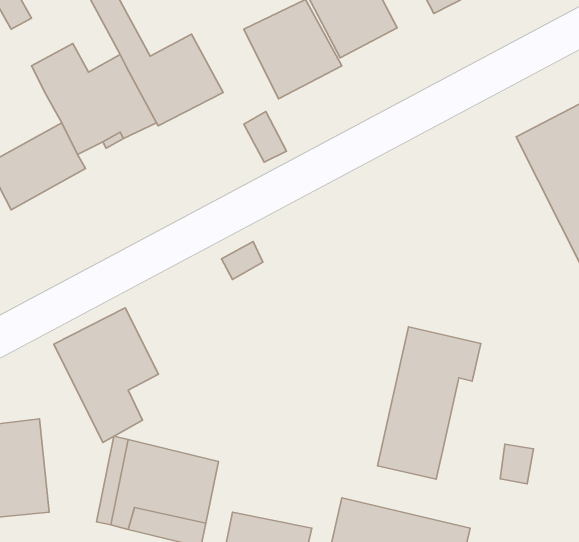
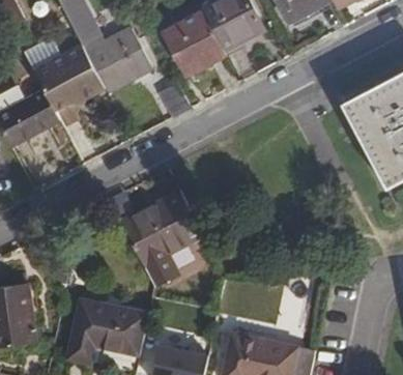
building: [54,308,158,442] -> [121,199,190,287]
building: [377,327,481,479] -> none

